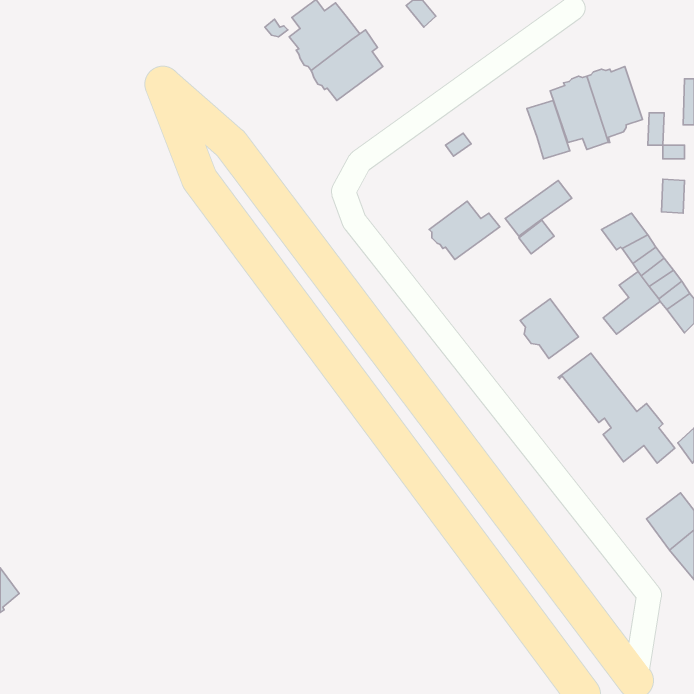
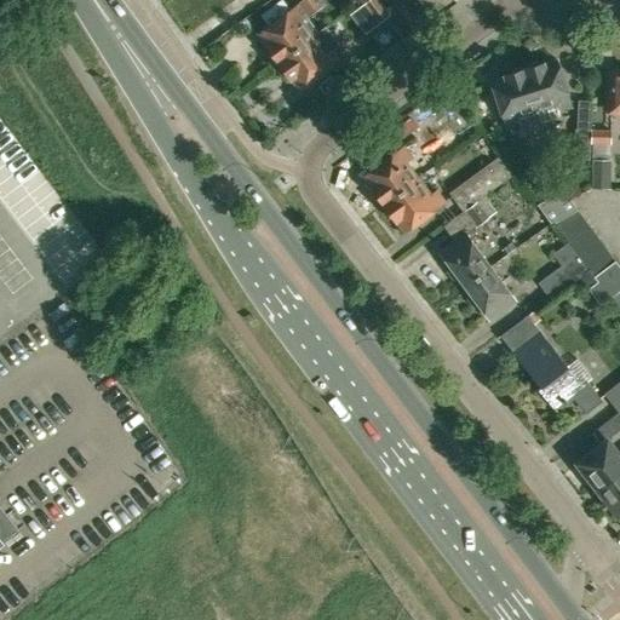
building: [527,100,570,159] -> none
building: none -> [363,145,417,205]
building: none -> [440,232,490,286]

